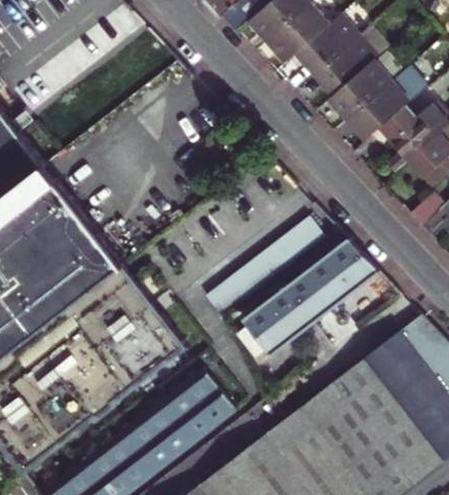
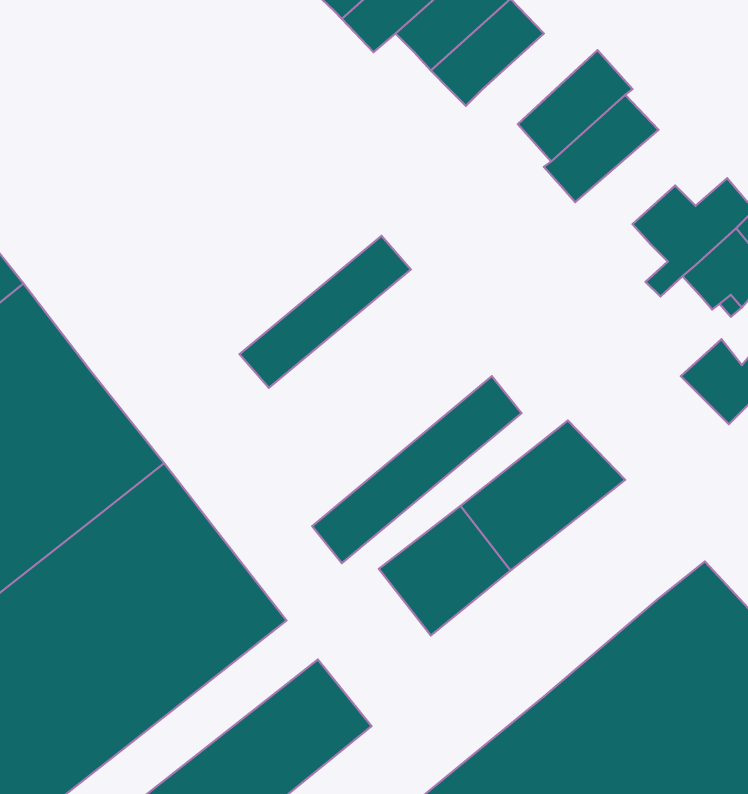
building: [297,14,361,74] -> none
building: [348,64,429,139] -> none
building: none -> [240,236,411,388]

